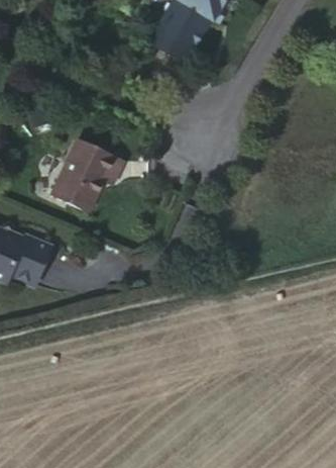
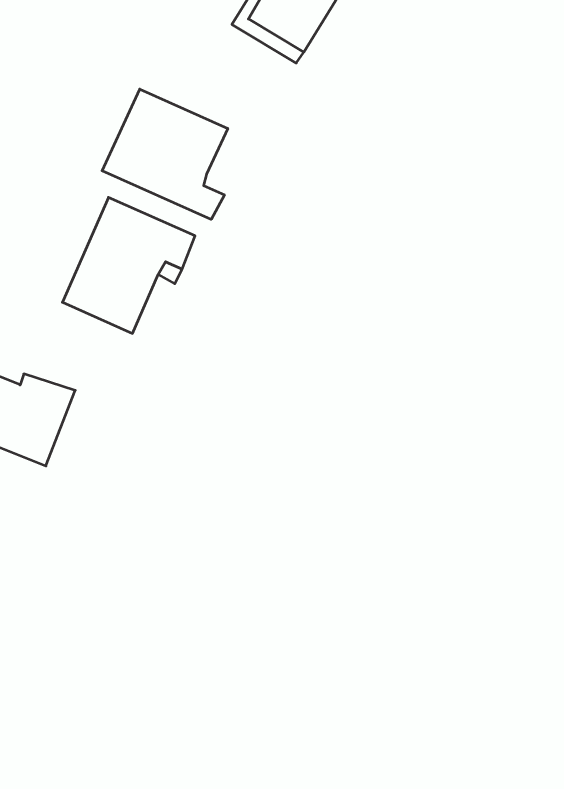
building: none -> [102,89,228,219]

